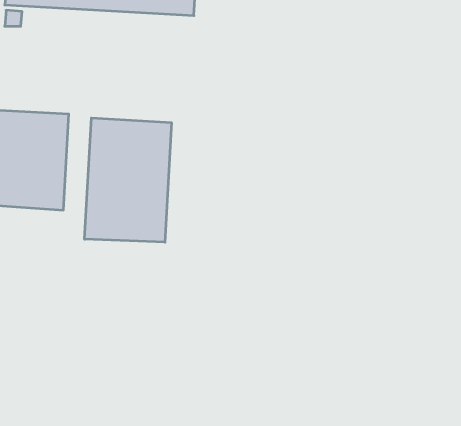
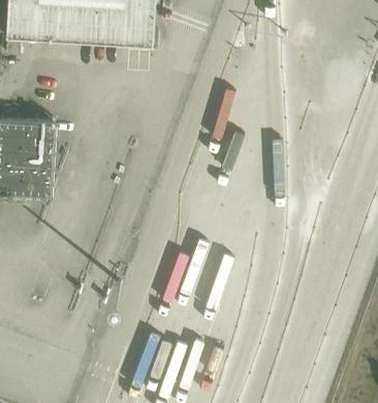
building: [85,118,171,242] -> none

